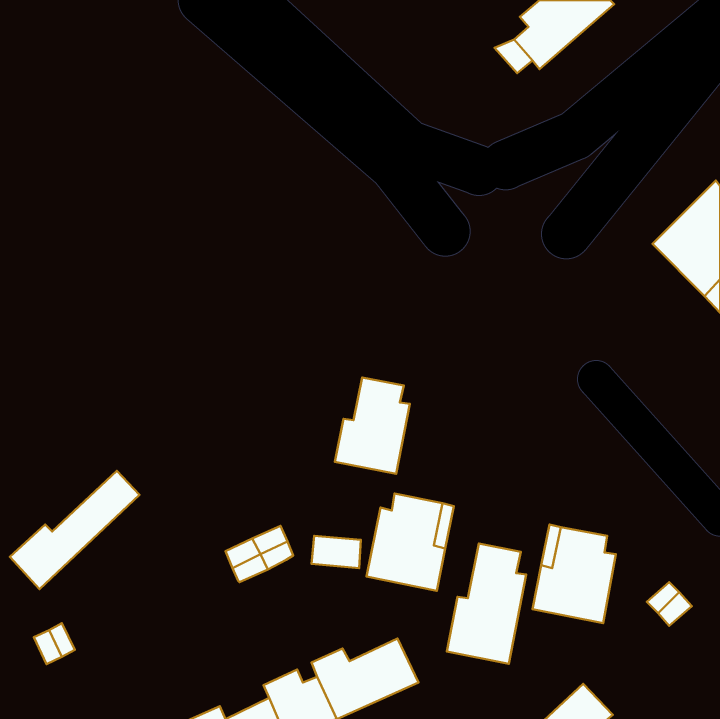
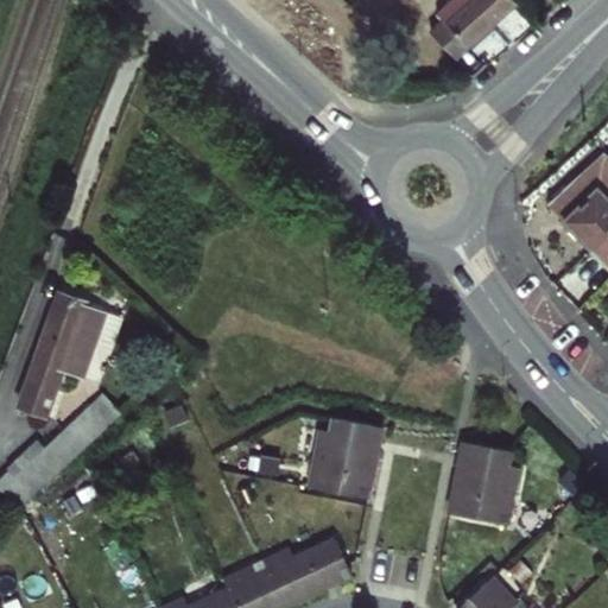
building: none -> [18,294,107,416]
building: [335,377,410,474] -> none
building: [447,544,526,664] -> none

